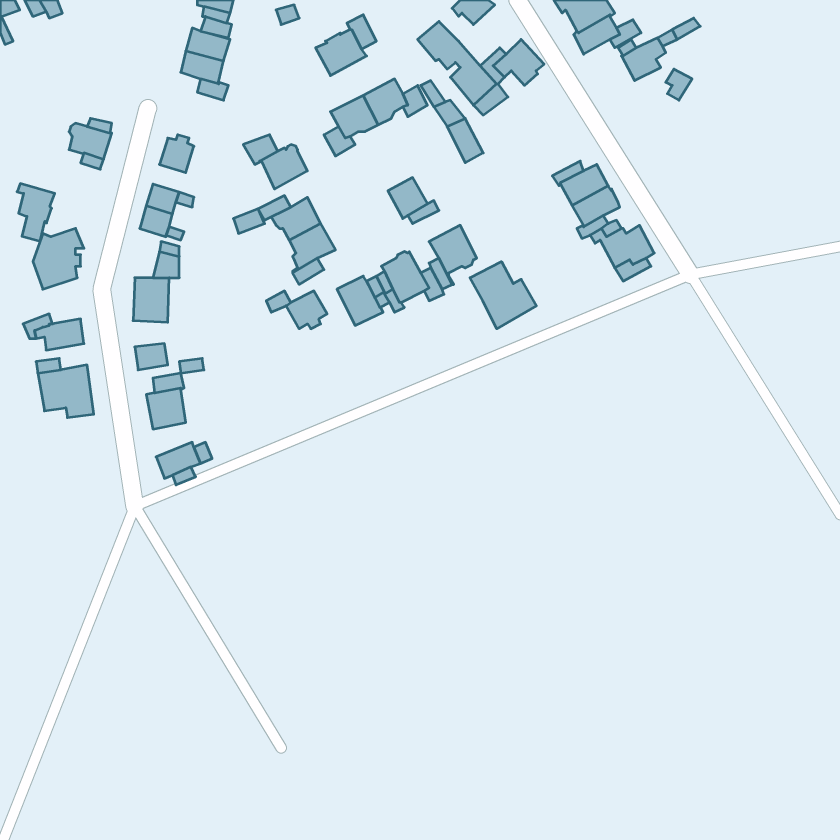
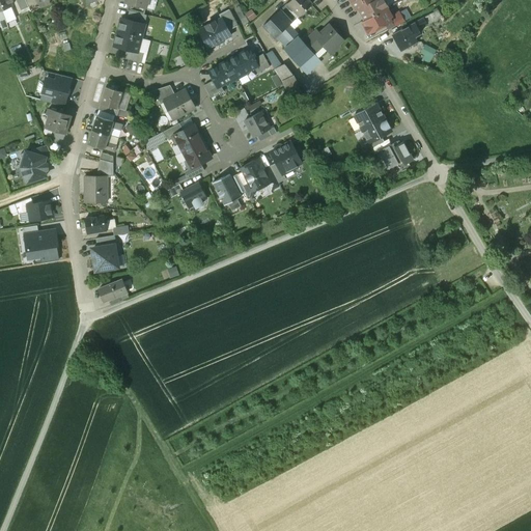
building: [17,184,55,241] -> [47,109,71,145]
building: [470,262,536,329] -> none

